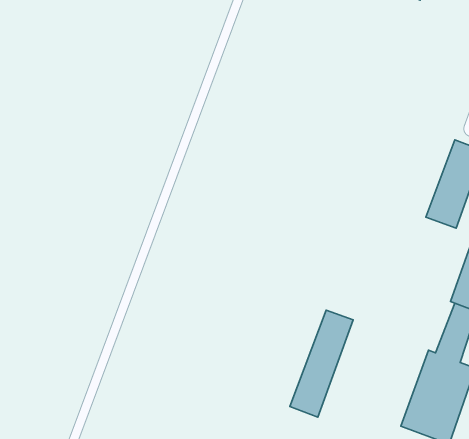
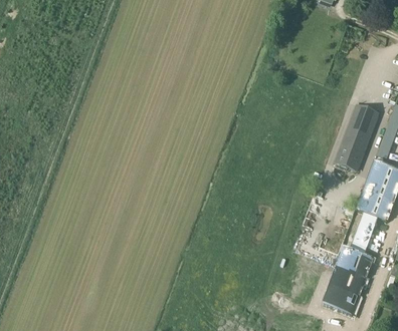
building: [290,310,353,417] -> none

